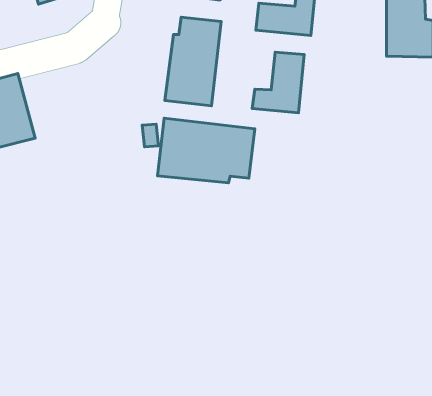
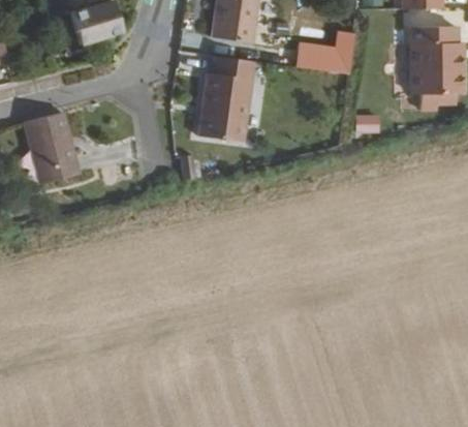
building: [252,52,304,113] -> none
building: [158,118,255,183] -> none

